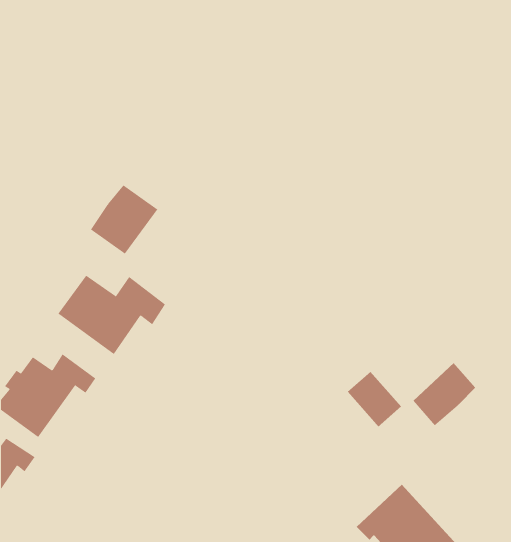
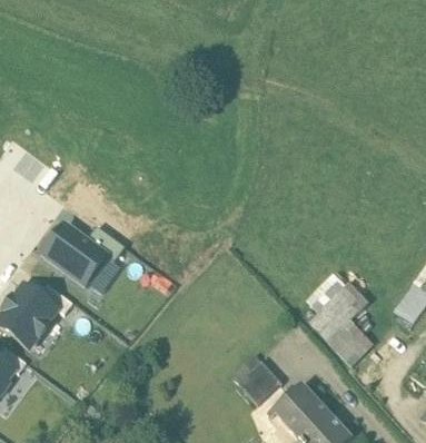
building: [90,185,158,254] -> none
building: [347,371,402,427] -> [326,323,367,365]
building: none -> [237,360,280,403]

